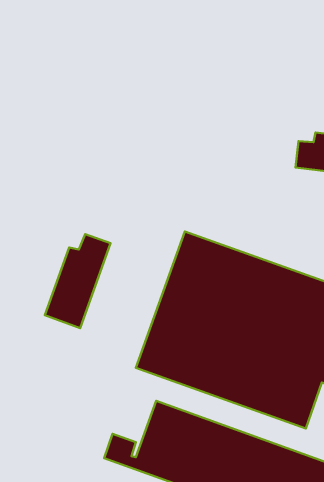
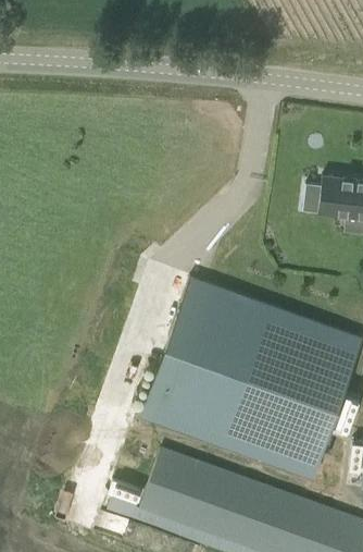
building: [45,234,110,328] -> none

